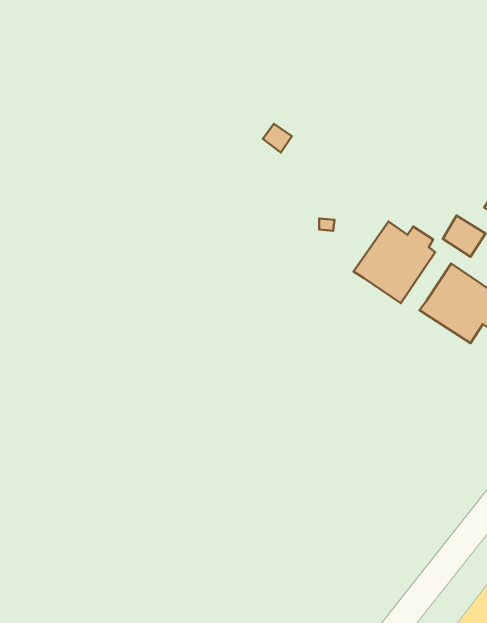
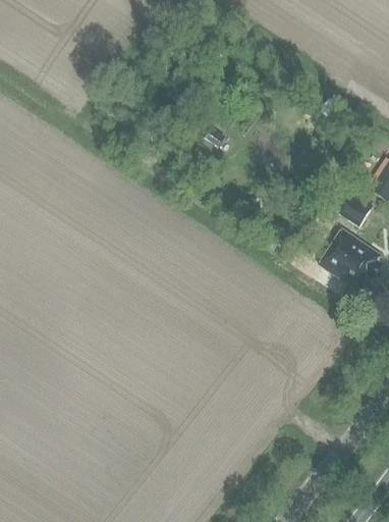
building: [353,221,435,303] -> none

